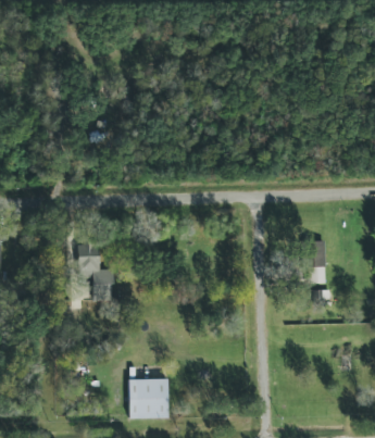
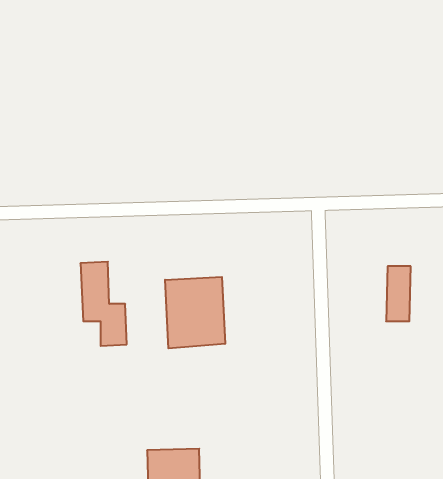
building: none -> [165,277,225,348]

